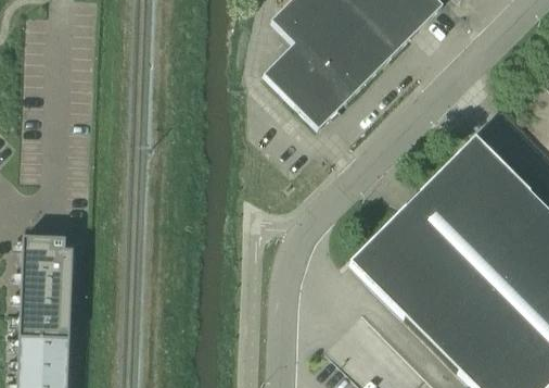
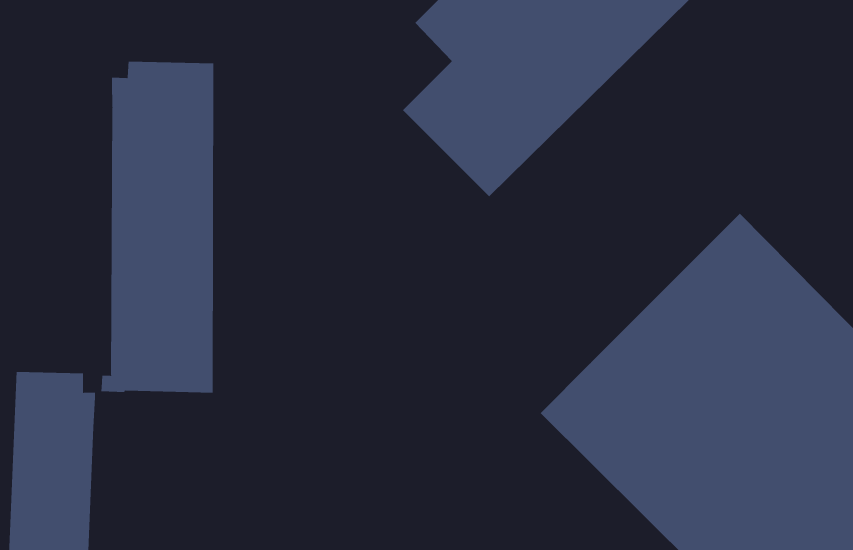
building: none -> [101,61,214,394]

